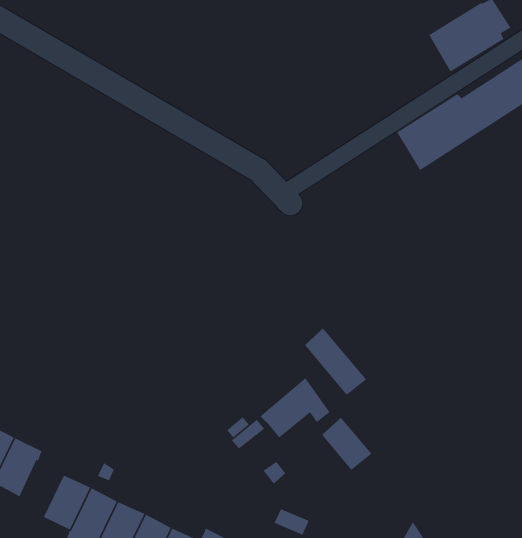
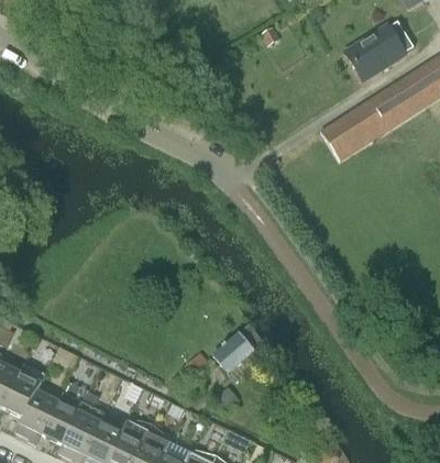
building: [304,328,367,396] -> none
building: [321,417,373,471] -> none
building: none -> [15,388,57,442]

